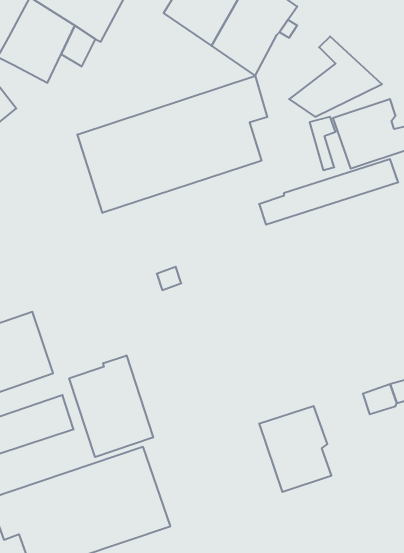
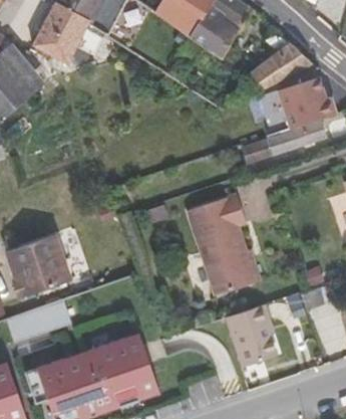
building: [77,76,267,213] -> none
building: none -> [188,192,257,293]
building: [69,355,153,457] -> none

